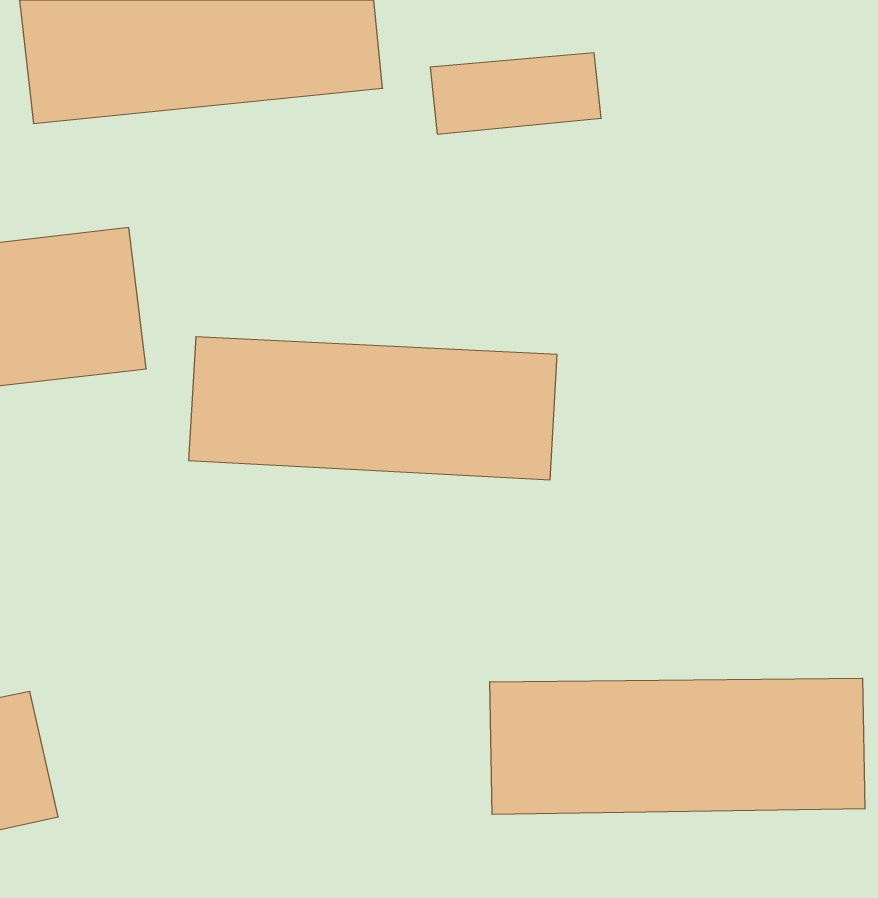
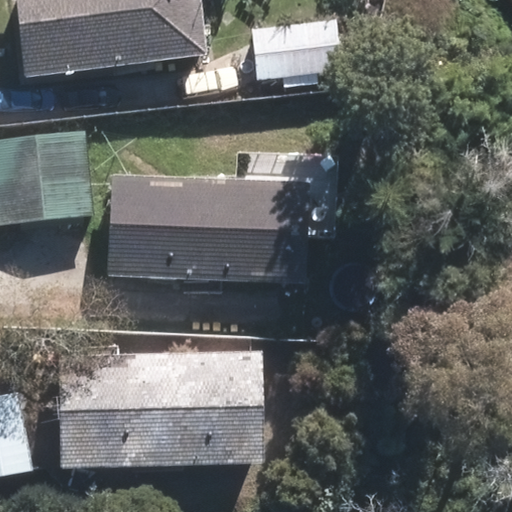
building: none -> [61,360,269,459]
building: [490,678,865,814] -> none

